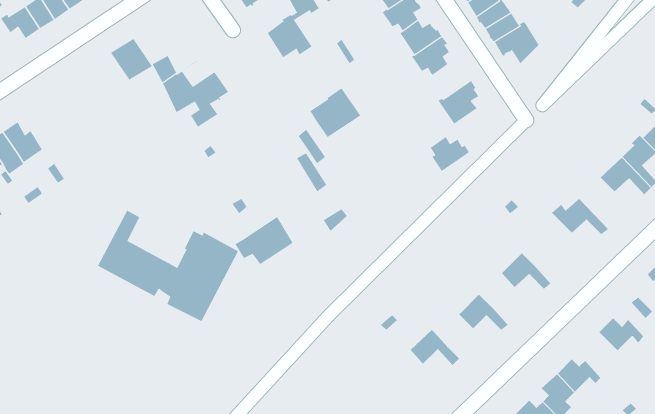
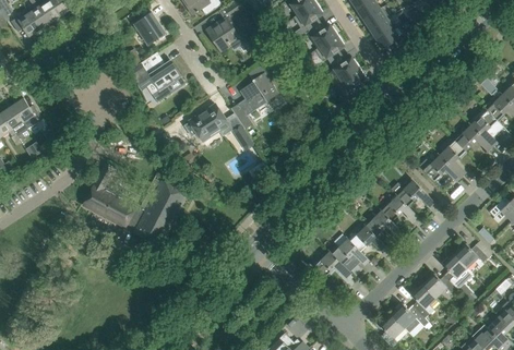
building: [110,38,153,81] -> [134,12,166,44]
building: [430,136,470,171] -> [331,55,360,81]
building: none -> [440,138,466,177]
building: [235,216,294,265] -> [184,104,228,140]
building: none -> [393,177,434,207]
building: none -> [366,209,404,237]
building: none -> [333,238,370,271]
building: none -> [443,253,468,287]

